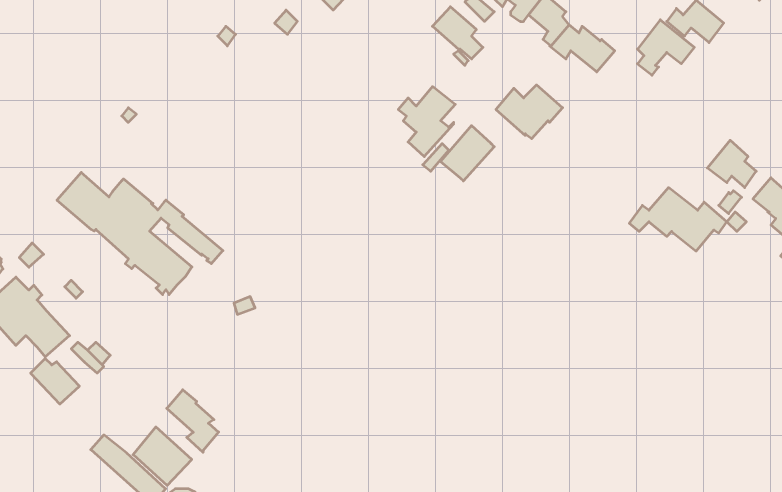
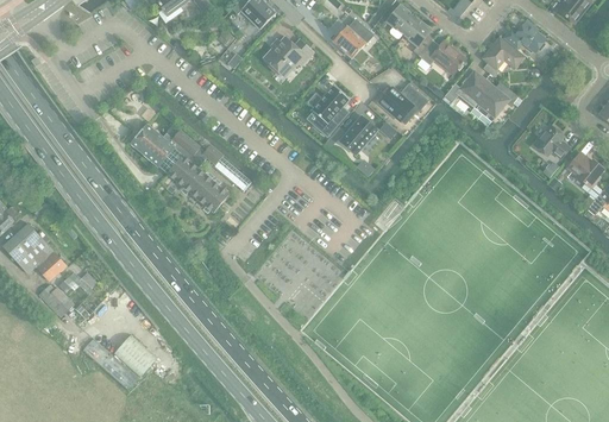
building: none -> [262,36,313,75]
building: [57,172,223,295] -> [130,124,251,213]
building: [629,188,727,251] -> [445,70,516,116]
building: [167,390,219,452] -> none

